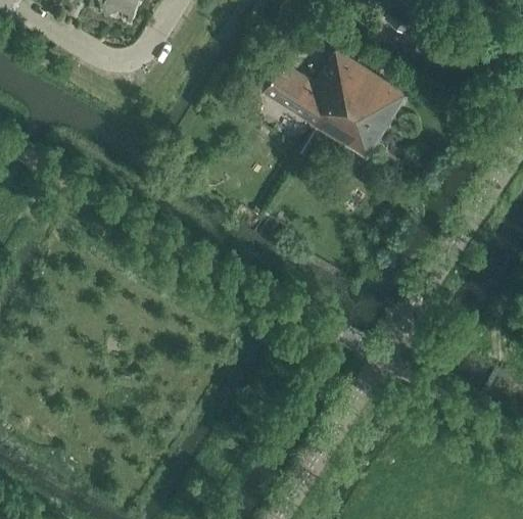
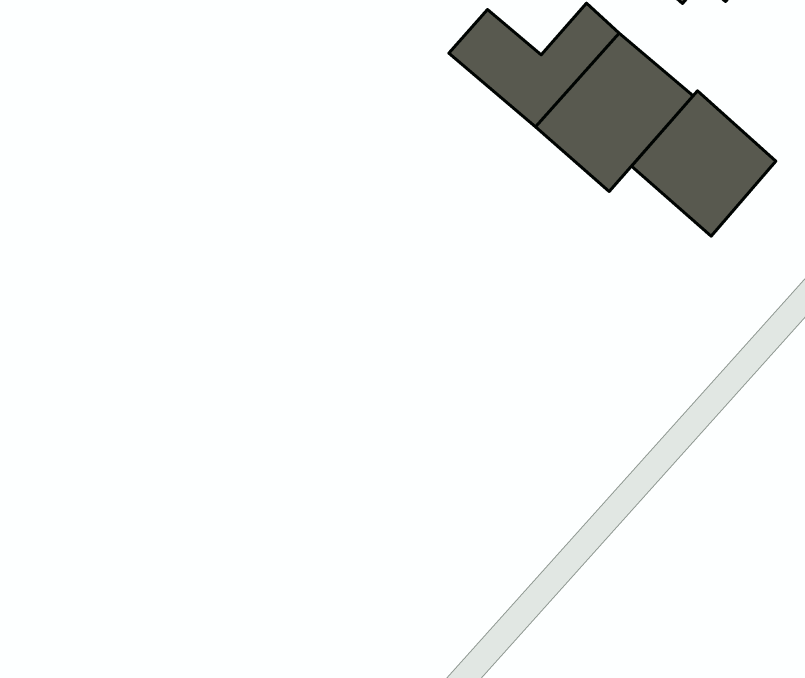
building: none -> [631,91,776,236]

